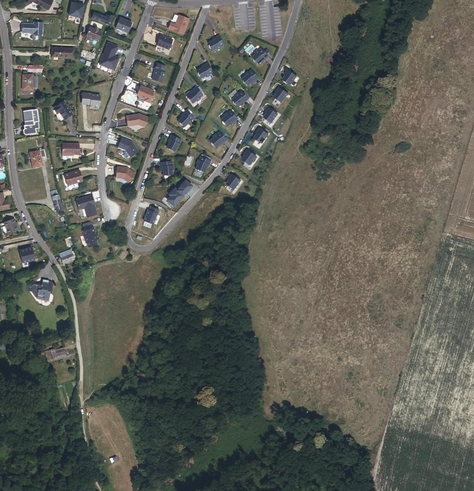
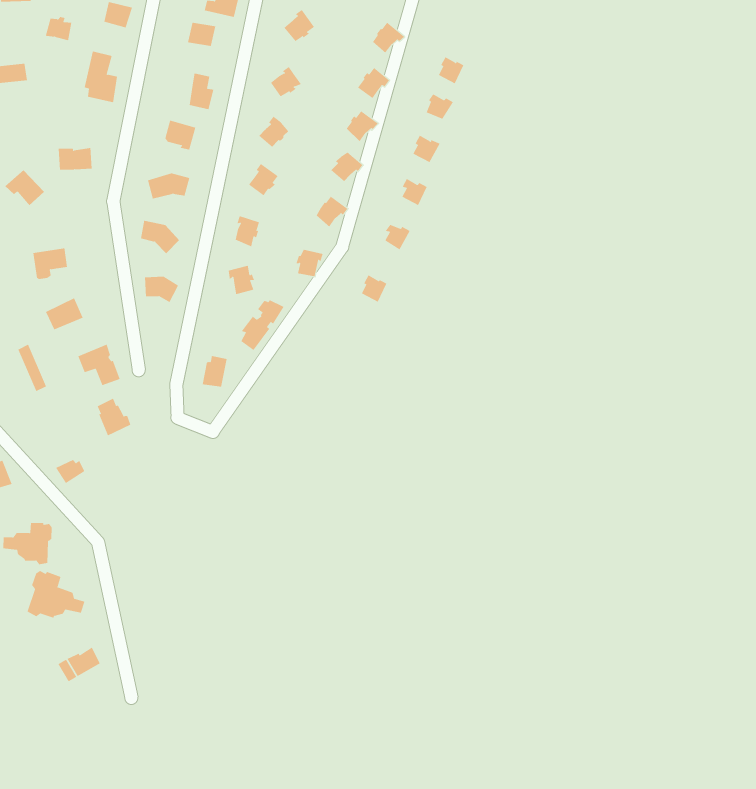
building: none -> [27,570,85,619]

